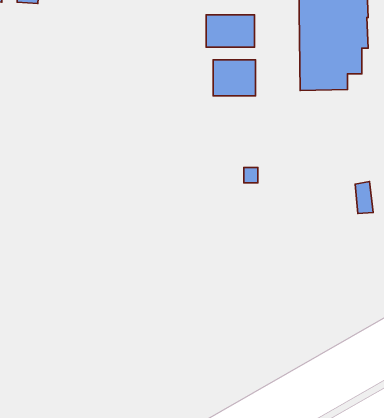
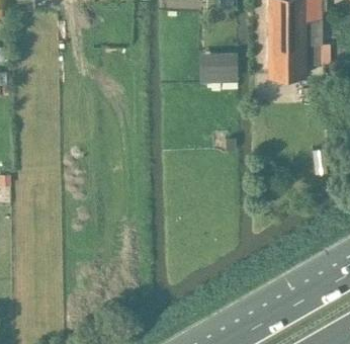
building: [206,15,254,47] -> none

